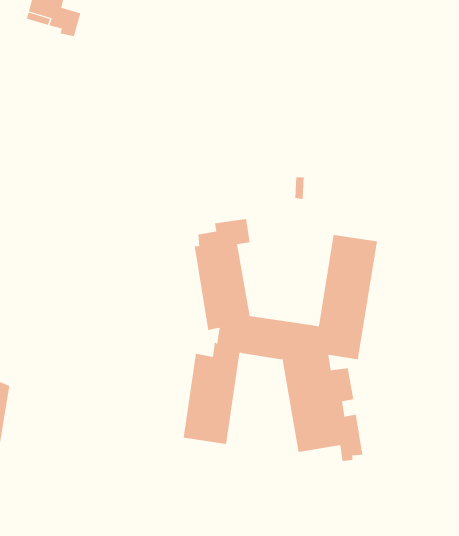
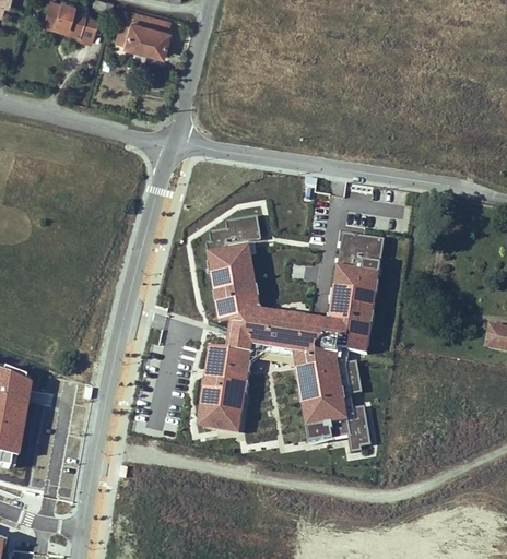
building: none -> [125,19,169,53]

